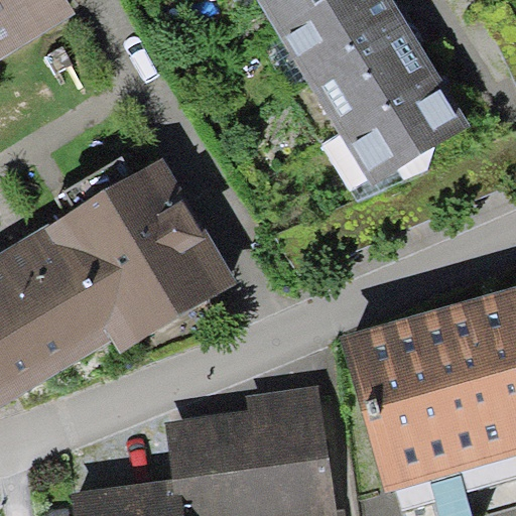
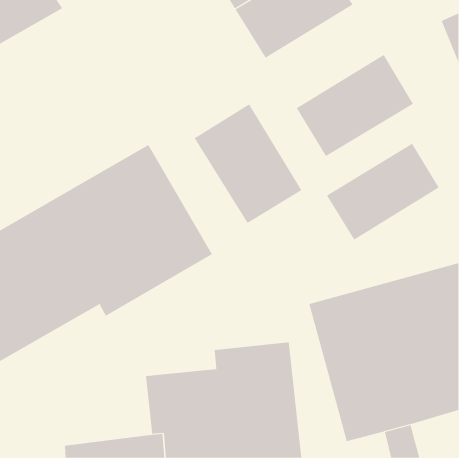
building: [296,5,429,121] -> none
building: none -> [194,103,302,224]
building: none -> [326,143,439,240]

